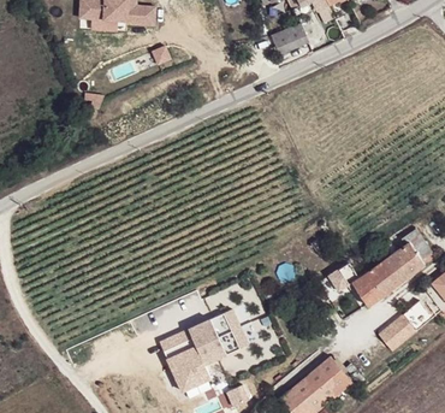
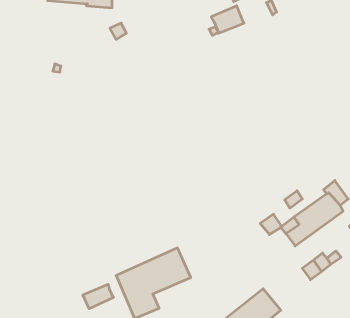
building: none -> [83,284,114,309]

